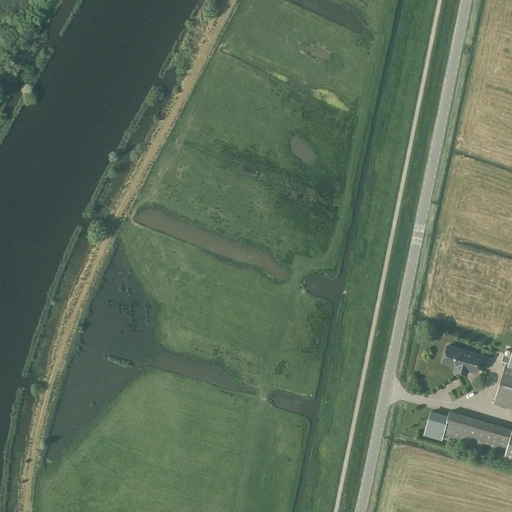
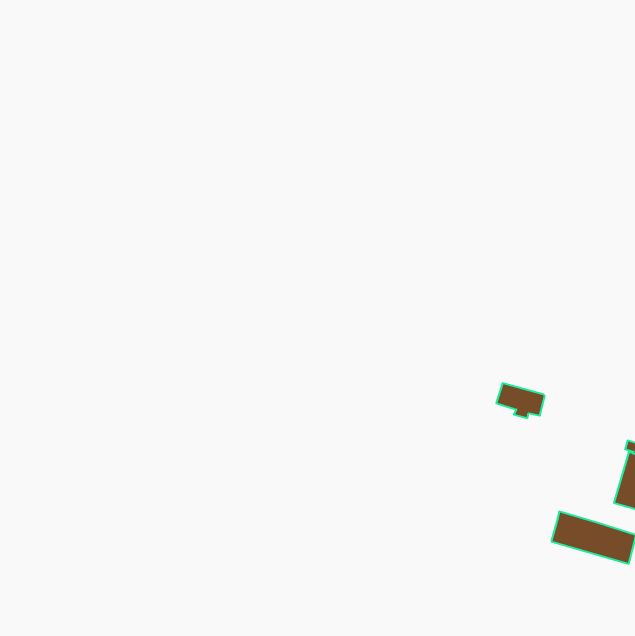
building: [443,346,482,374] -> [496,383,545,418]
building: [425,411,449,440] -> none

